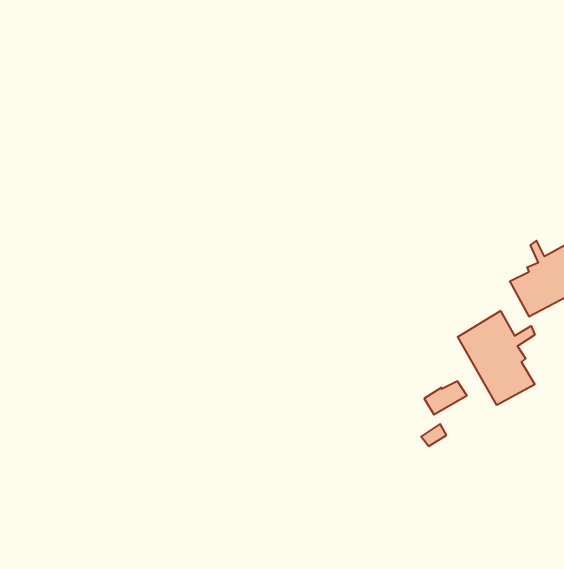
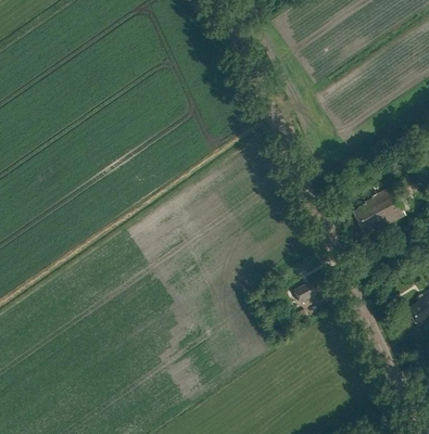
building: [458,311,535,405] -> none

